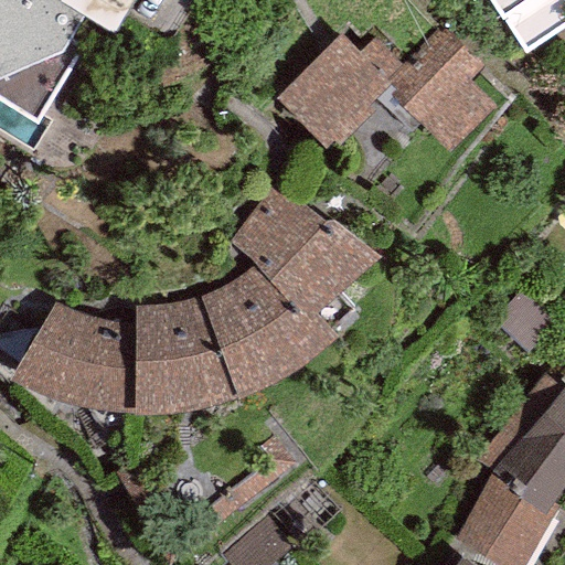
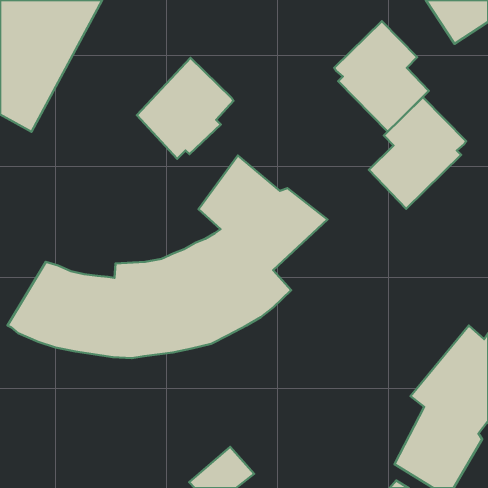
building: [277,32,388,149] -> [137,58,233,159]
building: none -> [369,97,466,209]

